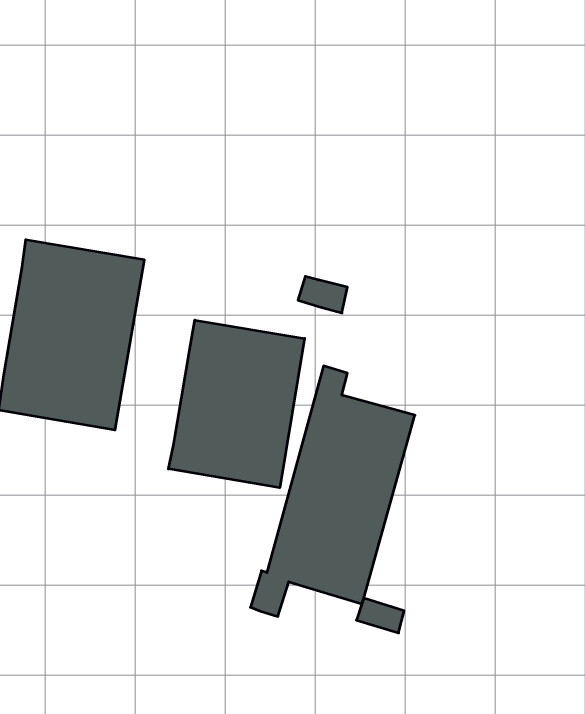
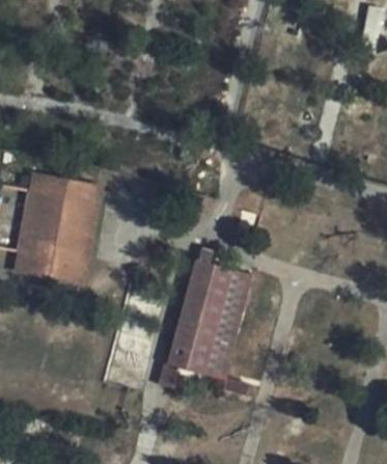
building: [168,320,305,488] -> none

